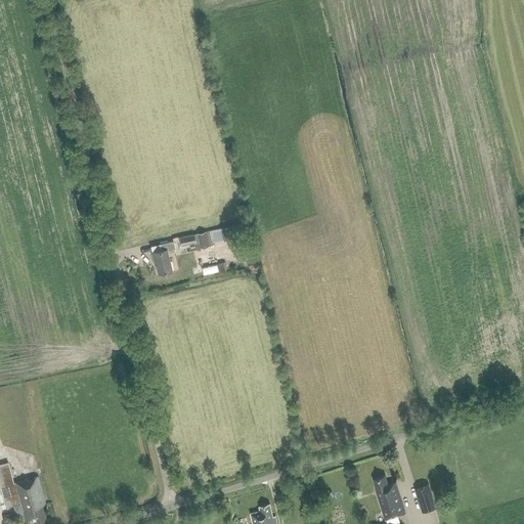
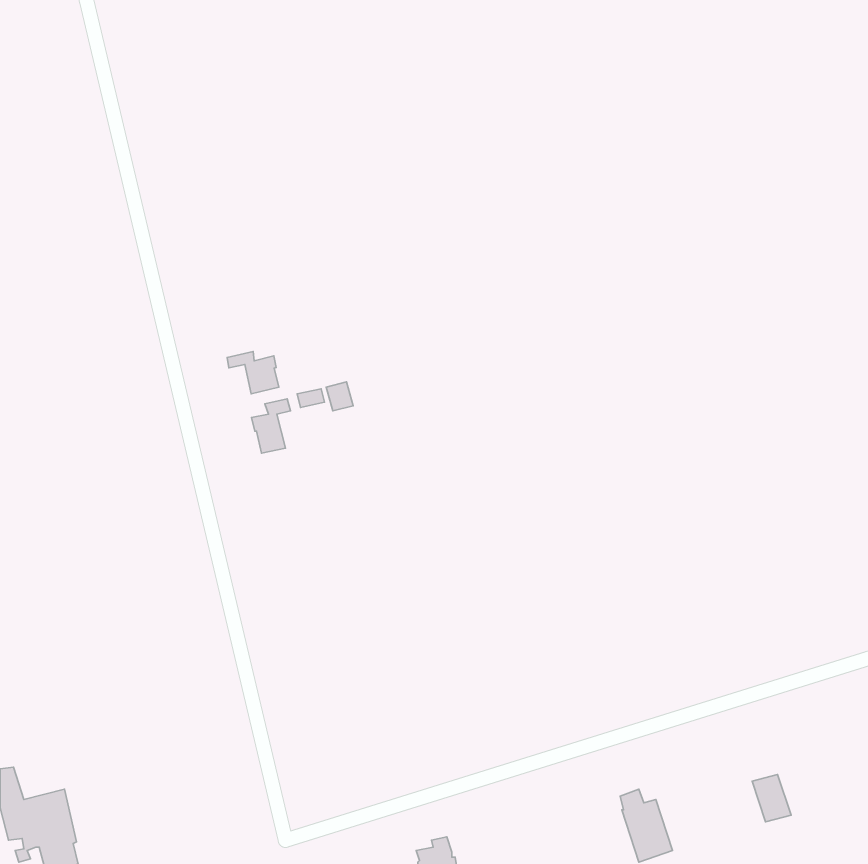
building: none -> [227,351,279,394]
building: [413,485,437,514] -> [752,774,791,822]

